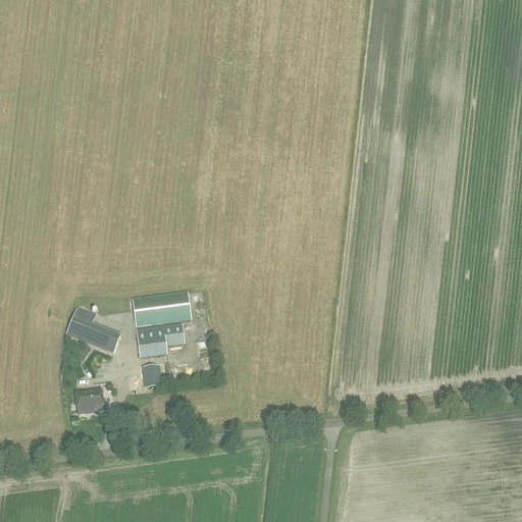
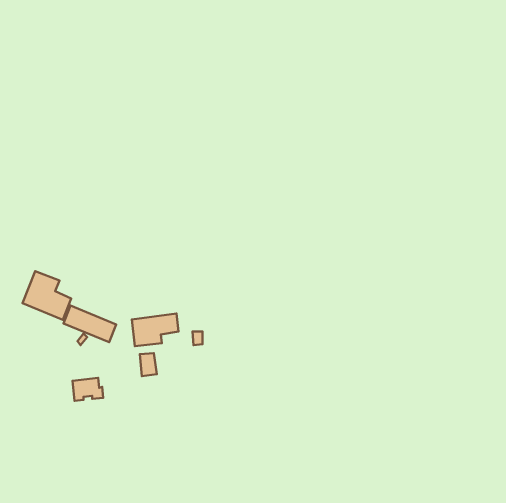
building: none -> [22,271,71,320]
building: [132,291,191,325] -> none

